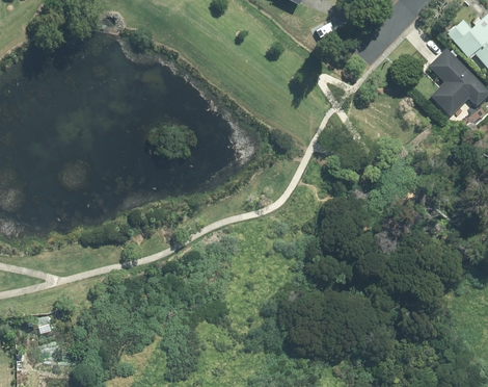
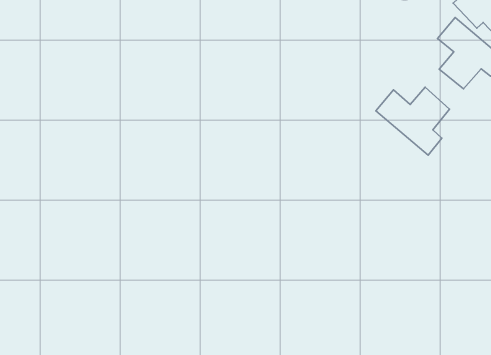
building: none -> [376,87,450,155]

